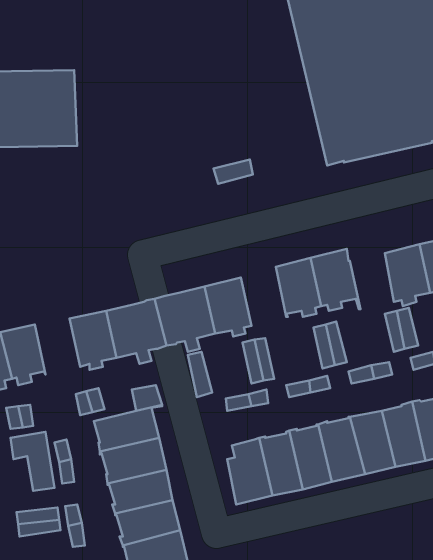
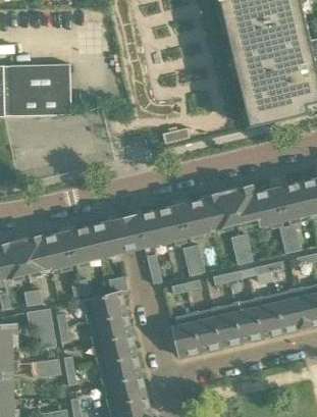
building: none -> [255,187,284,226]
building: none -> [181,196,212,239]
building: none -> [43,230,73,270]

